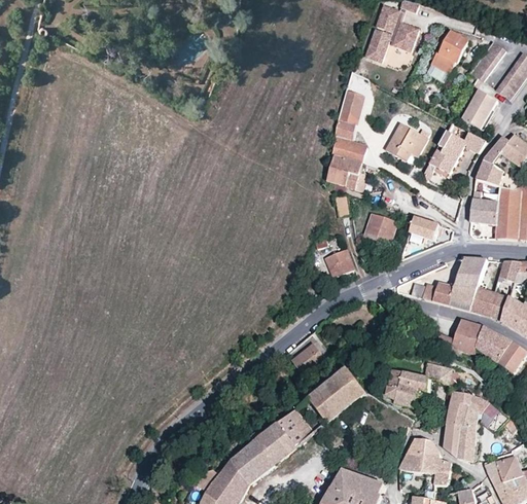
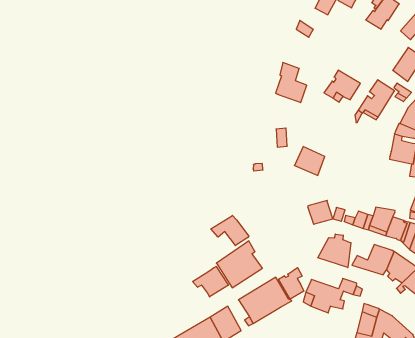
building: [336,92,363,125] -> none
building: [326,157,365,192] -> none
building: [409,218,437,241] -> none
building: [323,249,353,278] -> [308,200,333,224]
building: [457,258,485,280] -> none
building: none -> [211,215,249,246]
building: none -> [318,234,351,268]
building: none -> [279,268,304,299]
building: none -> [193,266,228,297]

